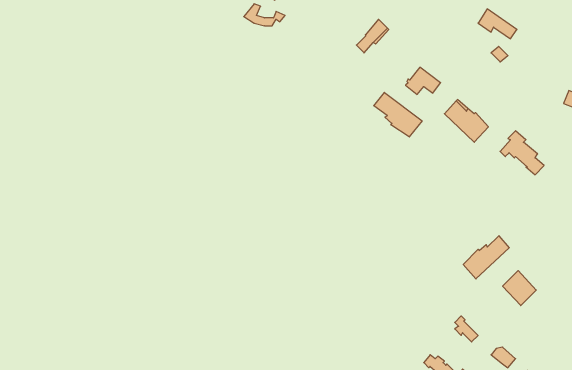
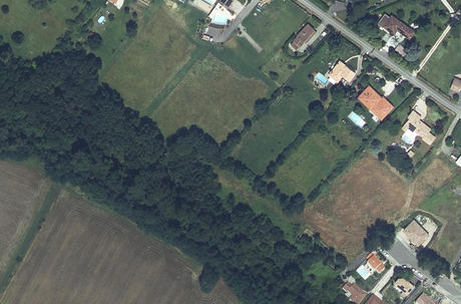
building: [374,92,422,137] -> none
building: [463,236,509,279] -> none

